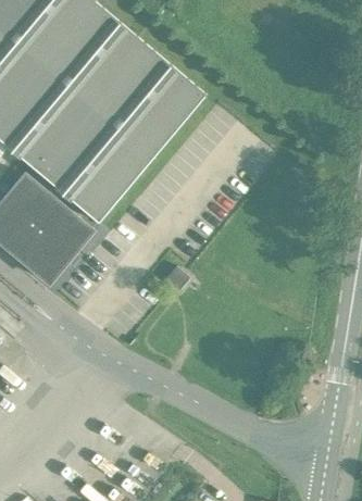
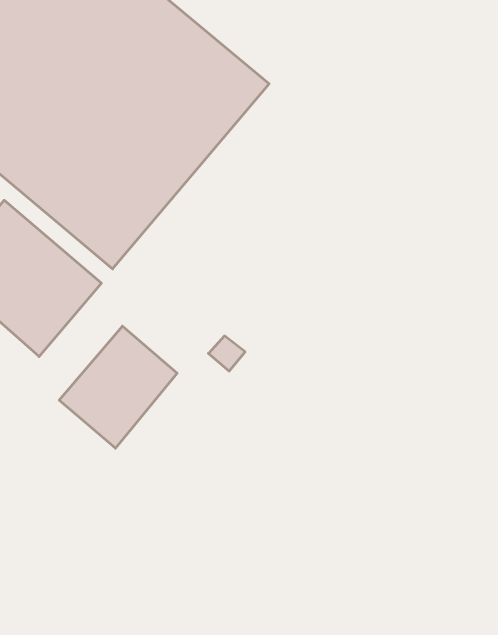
building: none -> [59,326,177,448]

